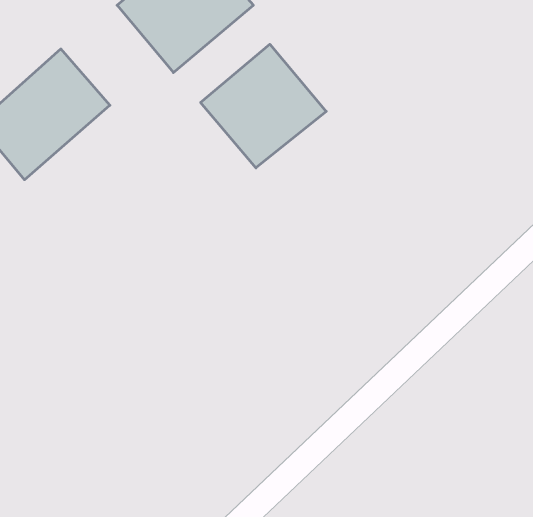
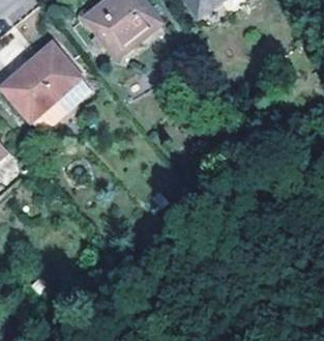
building: [201,44,326,168] -> none

